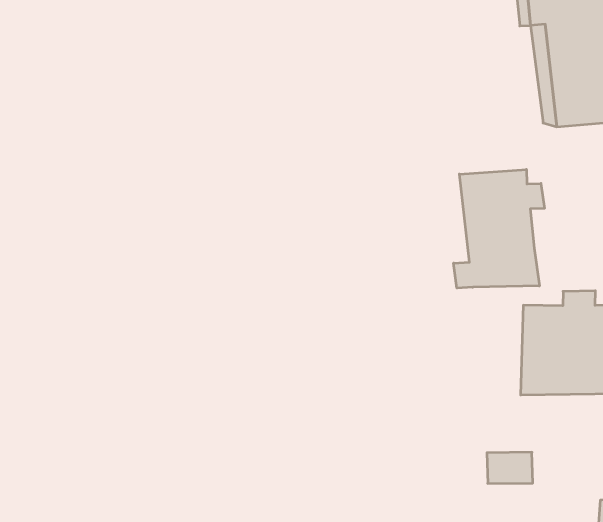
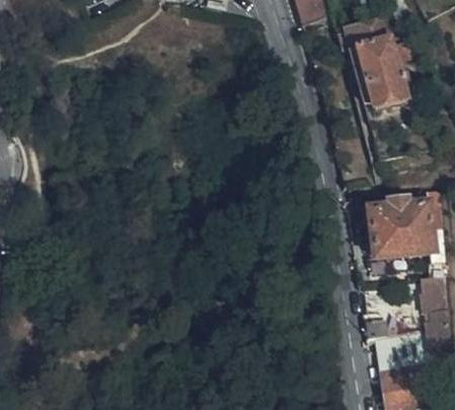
building: [454,169,544,288] -> none

